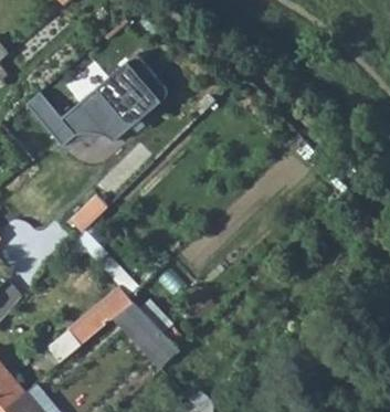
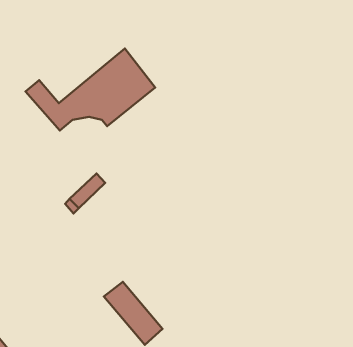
building: [44,286,131,363] -> none

